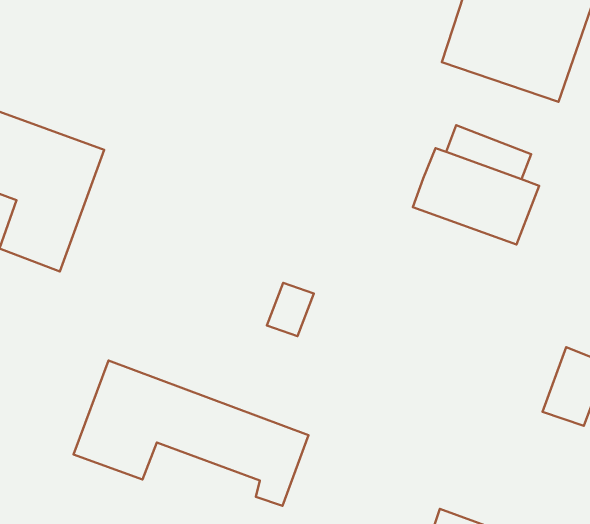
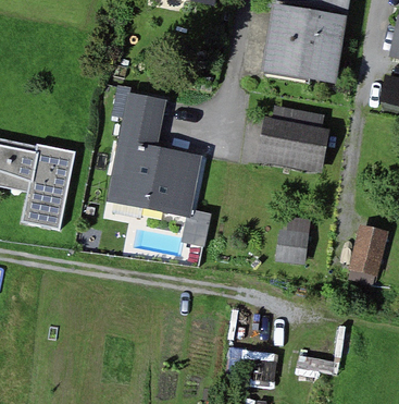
building: none -> [109,96,198,216]
building: none -> [278,218,311,261]
building: [73,361,308,506] -> none

